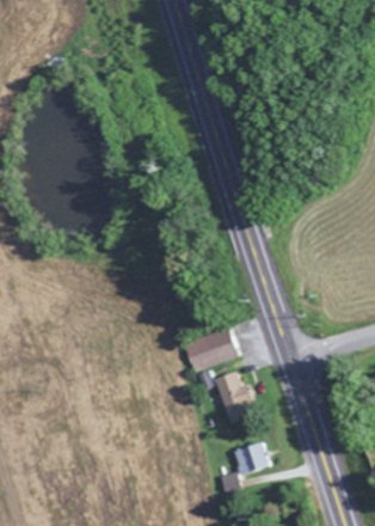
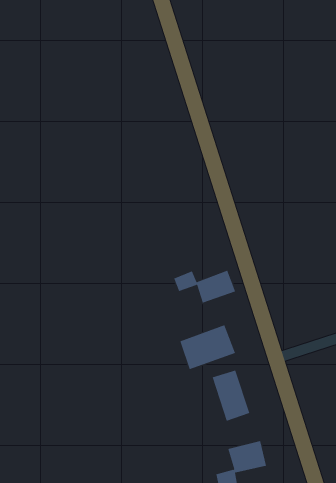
building: none -> [174,270,236,304]

